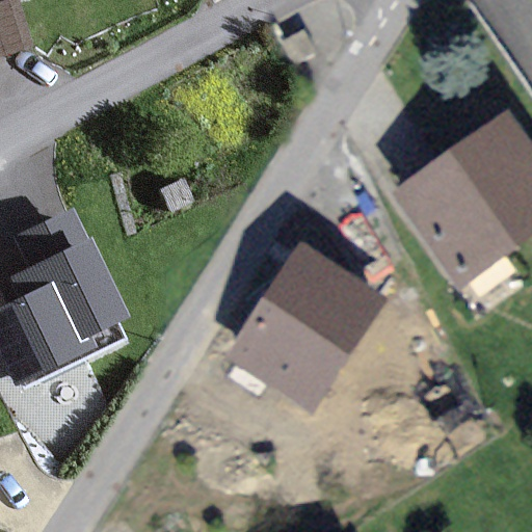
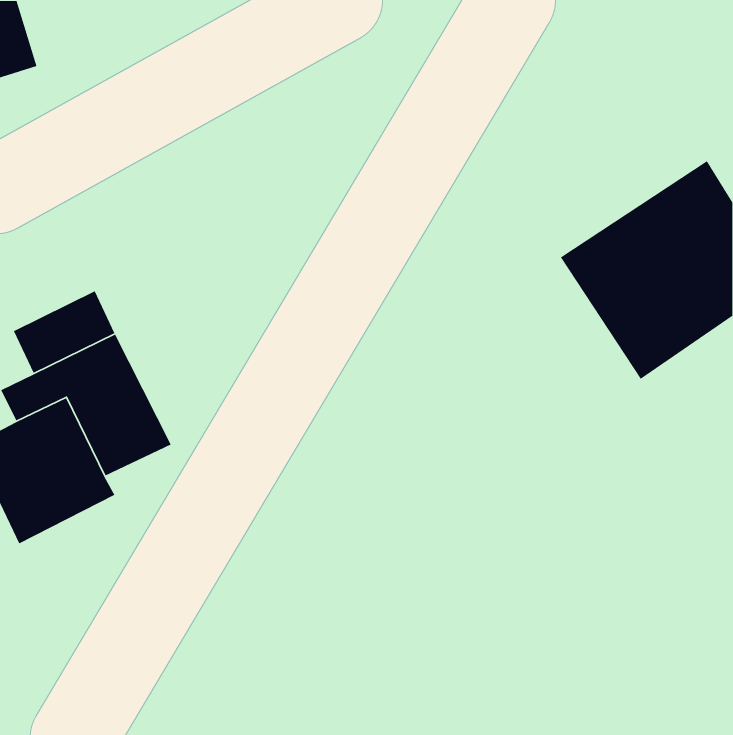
building: [229,245,378,404] -> none

